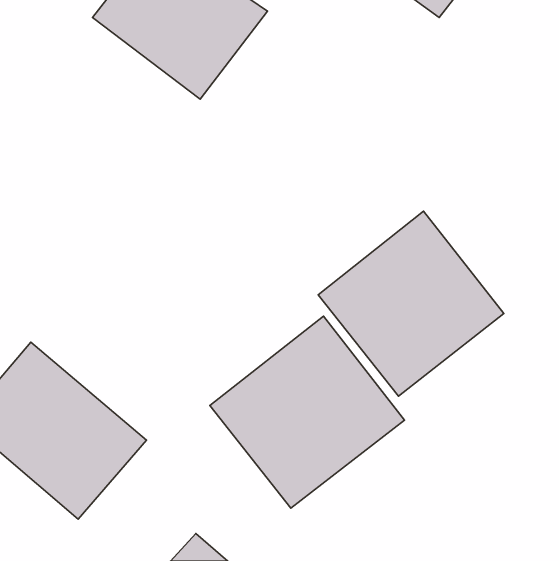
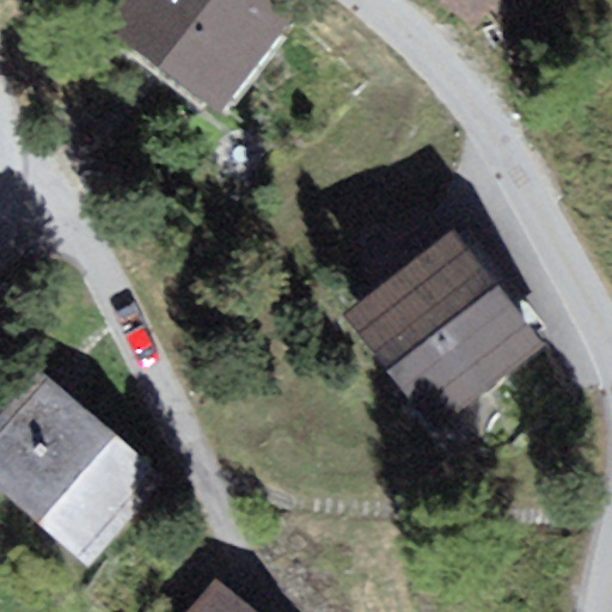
building: [210,316,404,508] -> none

